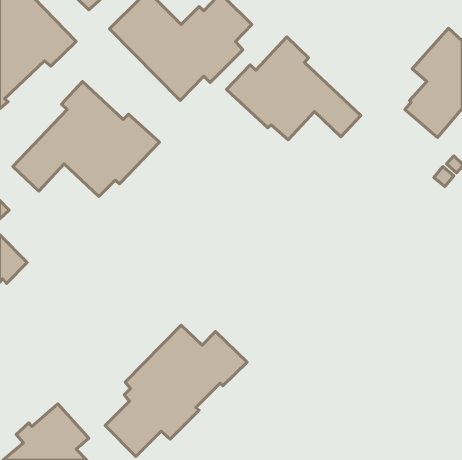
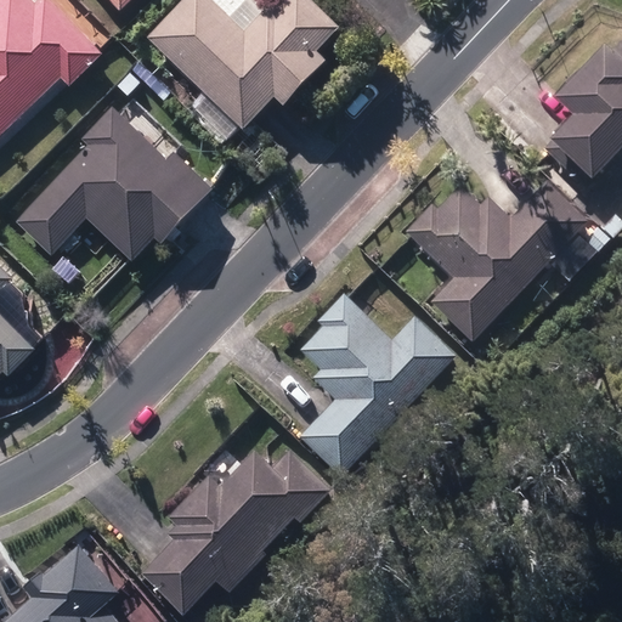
building: [226,37,361,140] -> none
building: none -> [405,179,587,339]
building: none -> [298,289,456,474]

